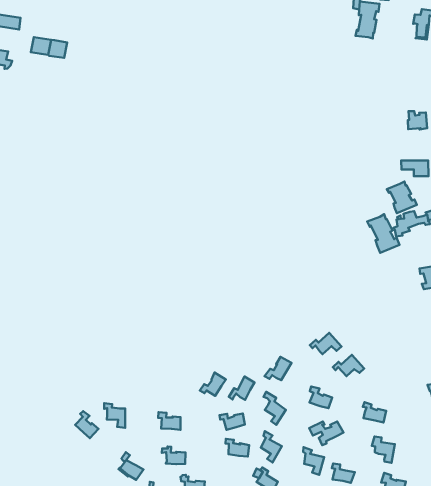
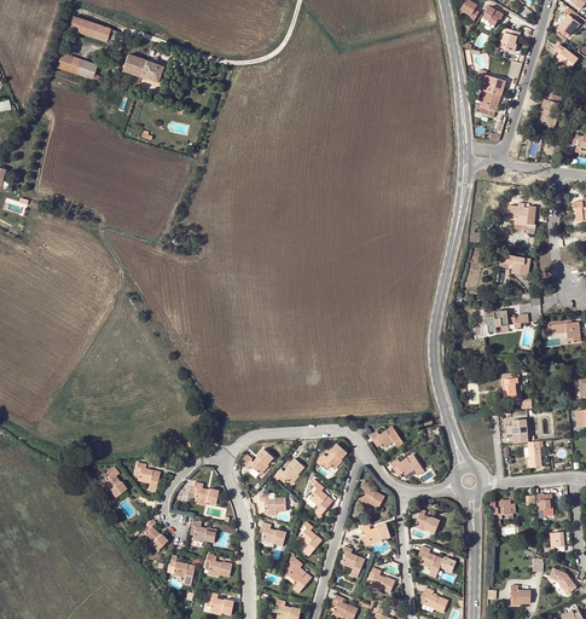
building: [387,181,417,213] -> none
building: [367,214,399,253] -> none

